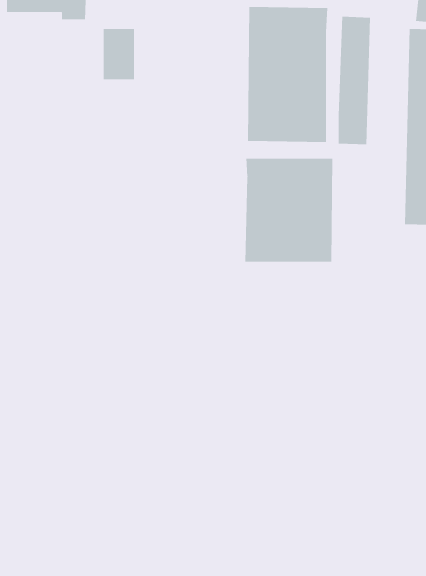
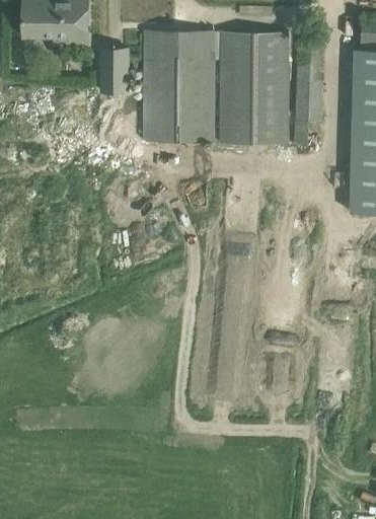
building: none -> [144,31,214,141]
building: [245,158,333,263] -> none

